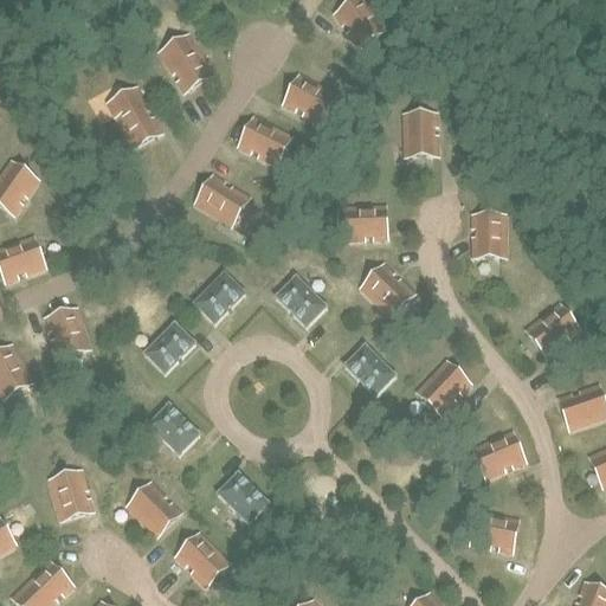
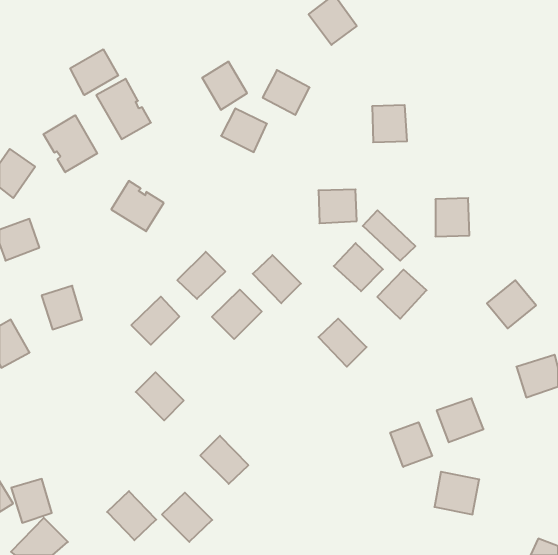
building: [163,39,212,91] -> [202,62,247,110]
building: none -> [70,49,118,95]
building: none -> [43,115,97,172]
building: [193,173,250,227] -> [111,181,164,231]
building: none -> [363,210,415,261]
building: none -> [212,290,262,339]
building: [417,361,470,414] -> [377,270,427,319]
building: none -> [390,422,432,467]
building: [49,471,92,518] -> [11,479,52,523]
building: [127,482,180,535] -> [107,491,156,540]

